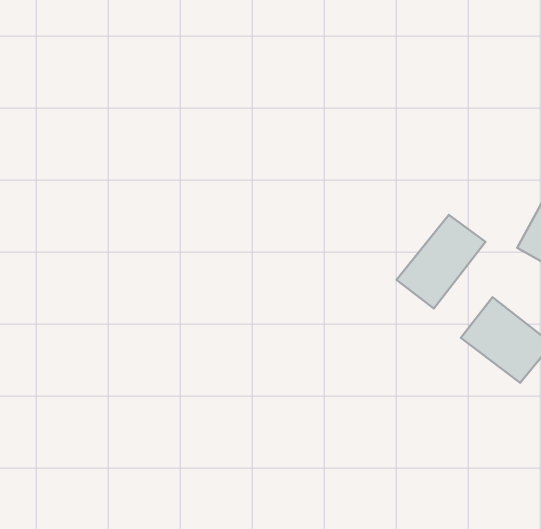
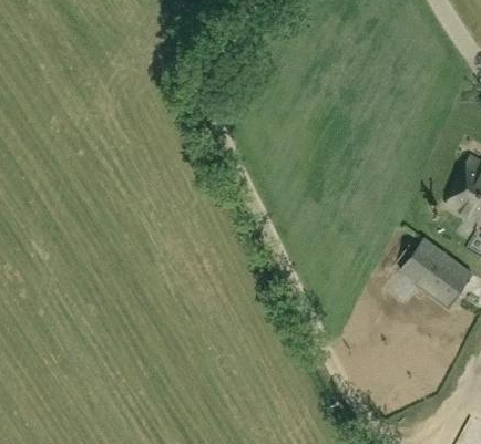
building: [397,215,486,309] -> none

